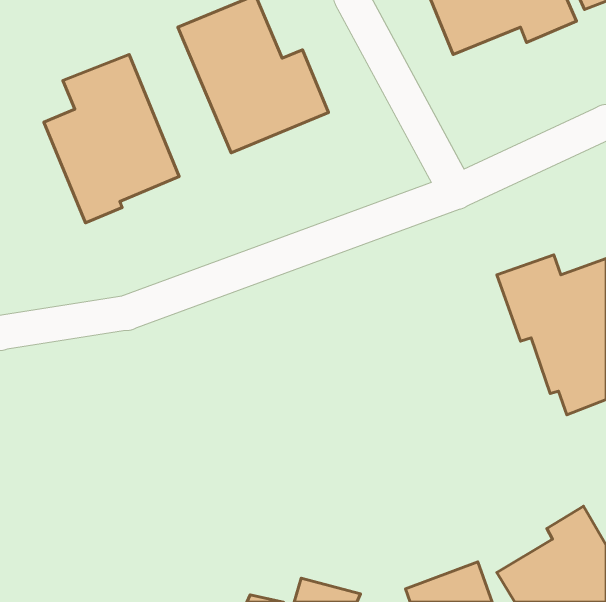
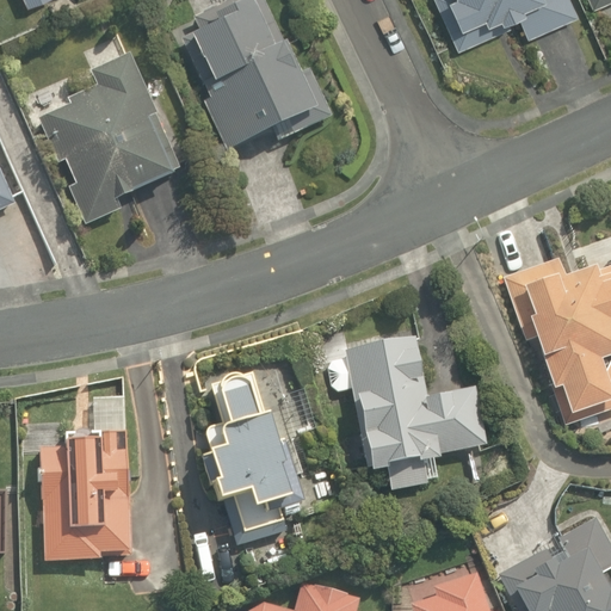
building: none -> [347,334,492,477]
building: none -> [199,365,307,517]
building: none -> [39,430,134,561]

